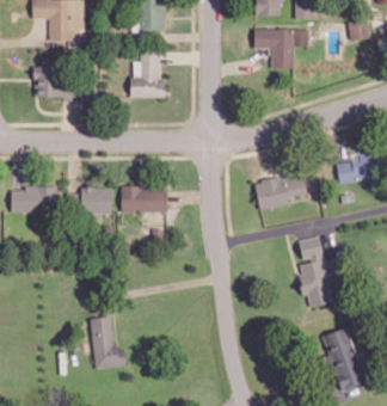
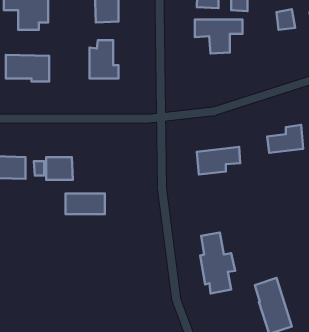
building: [122,187,167,211] -> [66,193,105,214]
building: [297,236,338,307] -> [200,233,235,294]
building: [90,315,127,369] -> none

